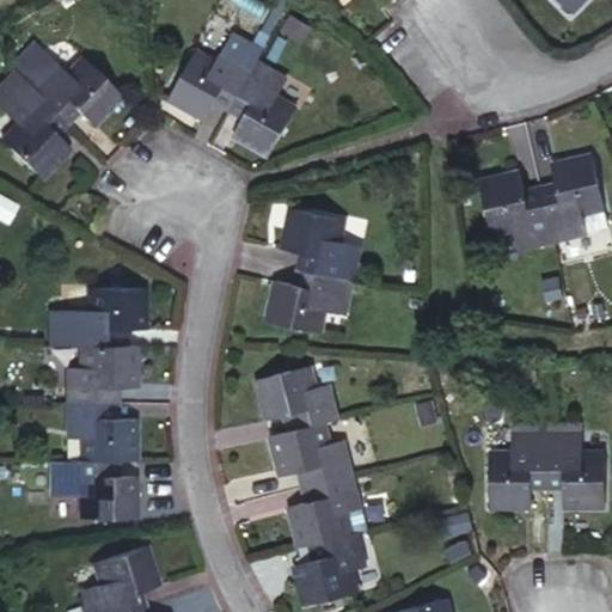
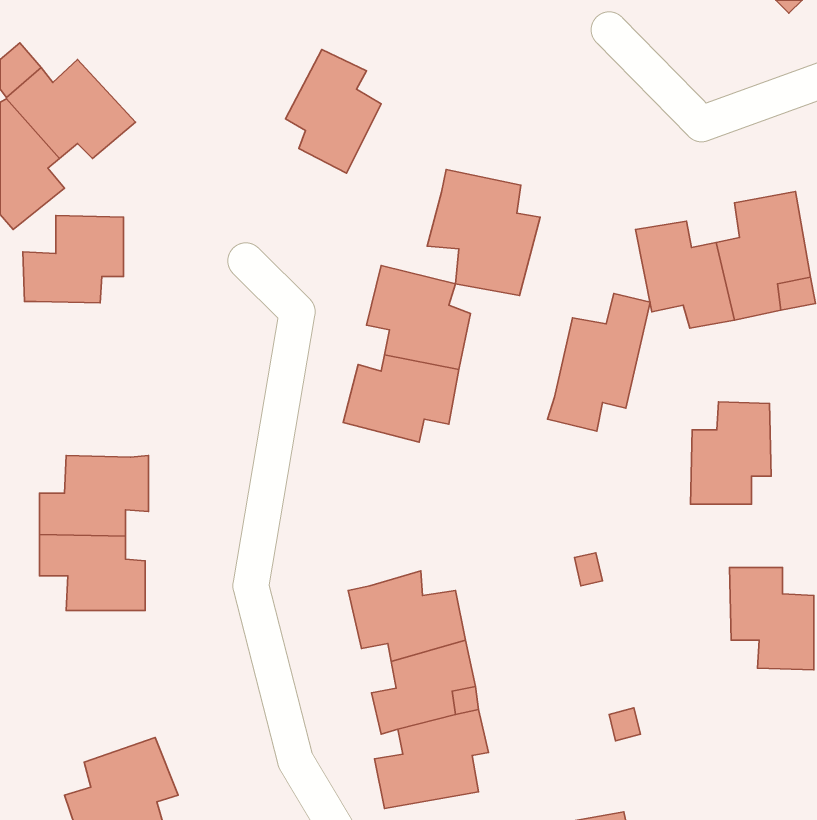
building: [166,37,252,112] -> none
building: none -> [427,169,540,296]
building: none -> [548,293,650,431]
building: [57,284,130,348] -> [23,216,123,303]
building: [255,369,342,441] -> none
building: [490,427,549,501] -> [690,402,771,504]
building: [49,459,127,519] -> none

